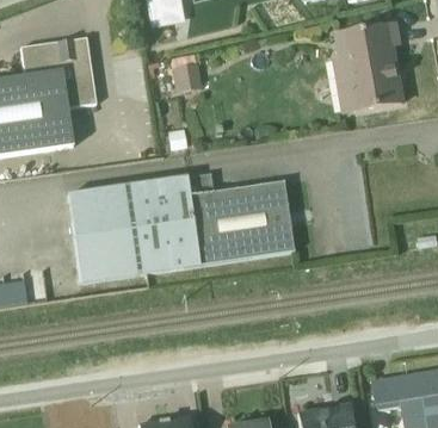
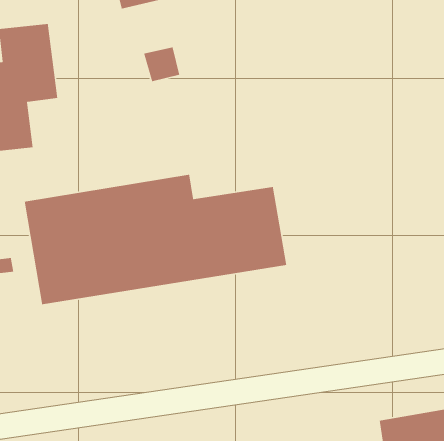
building: [331,23,401,111] -> none

